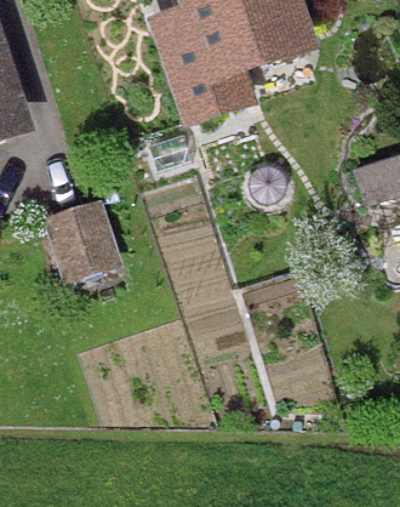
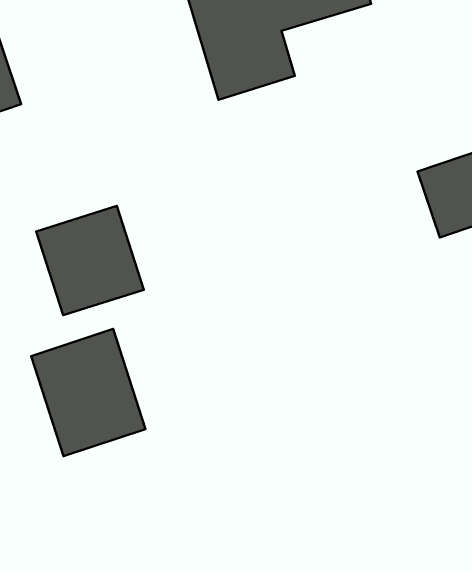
building: none -> [31,329,145,456]

